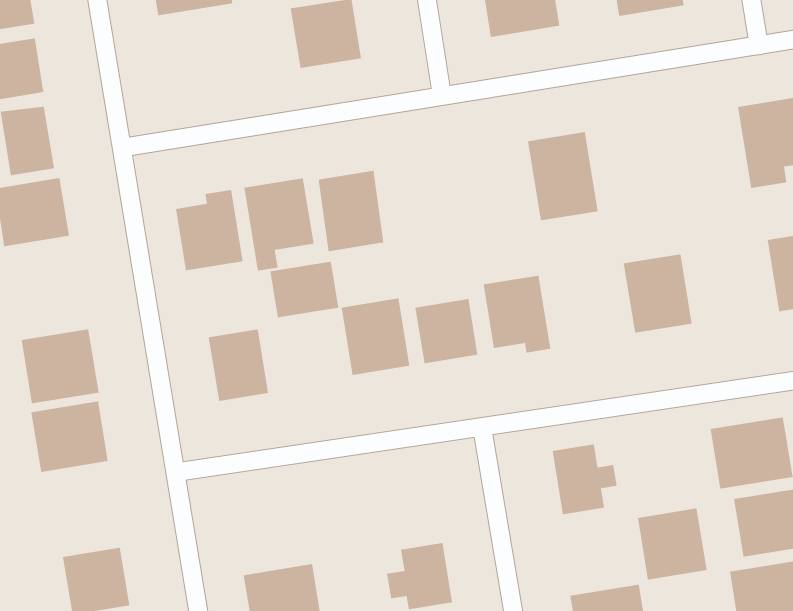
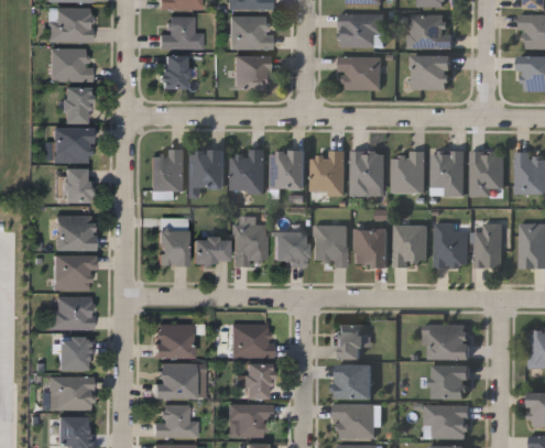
building: none -> [163,54,186,88]
building: none -> [433,150,465,195]
building: none -> [393,153,425,193]
building: none -> [314,152,345,193]
building: none -> [277,150,306,188]
building: none -> [435,222,468,267]
building: none -> [64,167,88,201]
building: [269,261,339,318] -> [194,237,229,263]
building: none -> [355,229,389,266]
building: none -> [231,325,272,357]
building: none -> [51,296,94,329]
building: none -> [155,325,194,358]
building: [637,508,707,580] -> [338,363,372,398]

